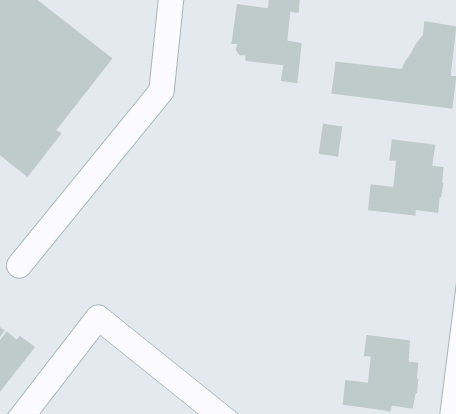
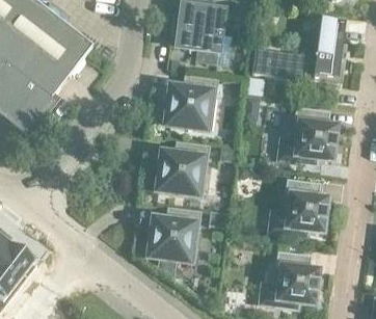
building: none -> [163,75,216,129]
building: none -> [155,141,208,194]
building: none -> [269,178,326,234]
building: none -> [146,207,199,261]

